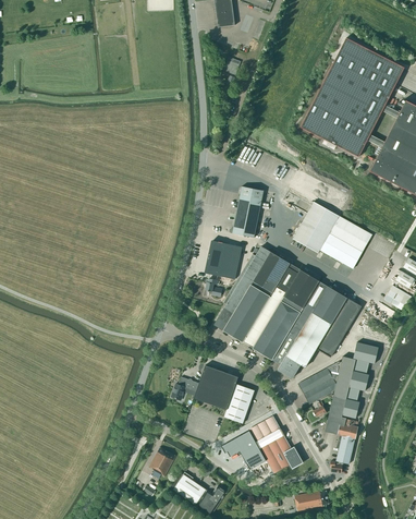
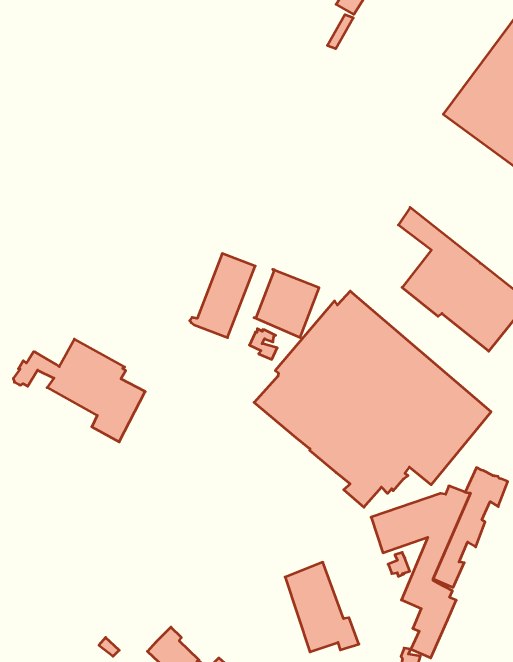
building: [229,185,264,237] -> [190,254,255,338]
building: [171,364,254,423] -> [13,339,145,442]
building: [221,430,266,469] -> none
building: [149,446,175,475] -> none

